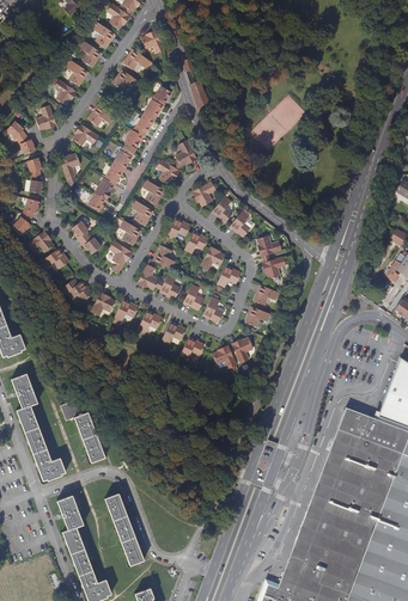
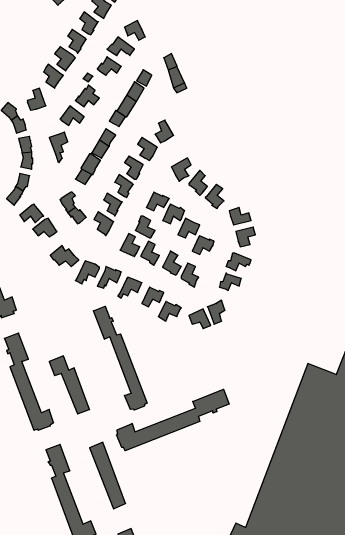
building: none -> [93,306,147,410]
building: none -> [117,389,229,451]

